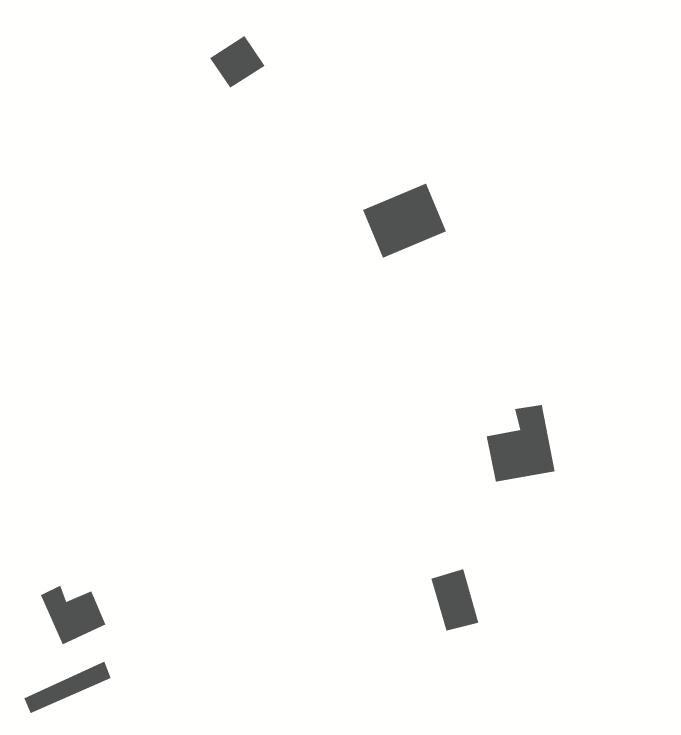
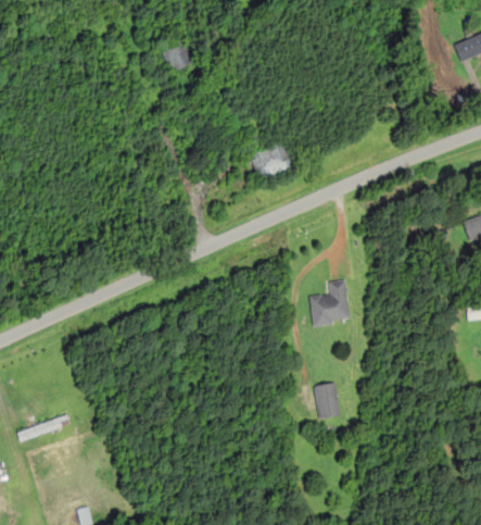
building: [431,569,479,631] -> [313,380,340,417]
building: [40,585,106,645] -> none

